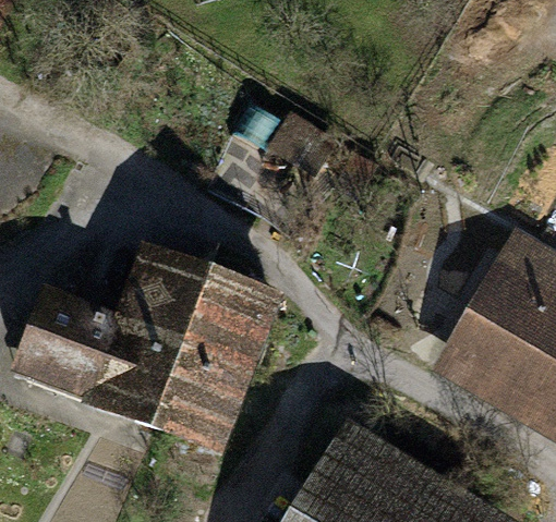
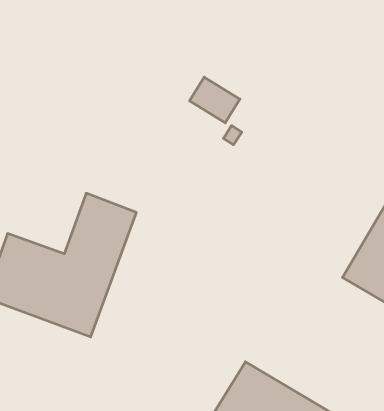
building: [152,275,267,446] -> none

